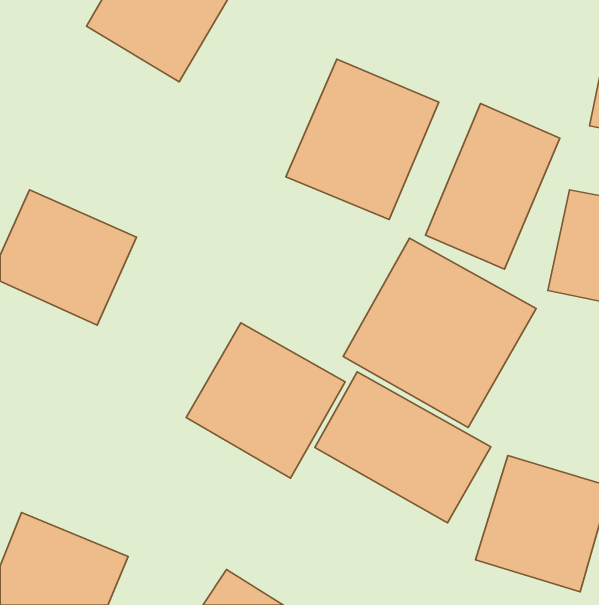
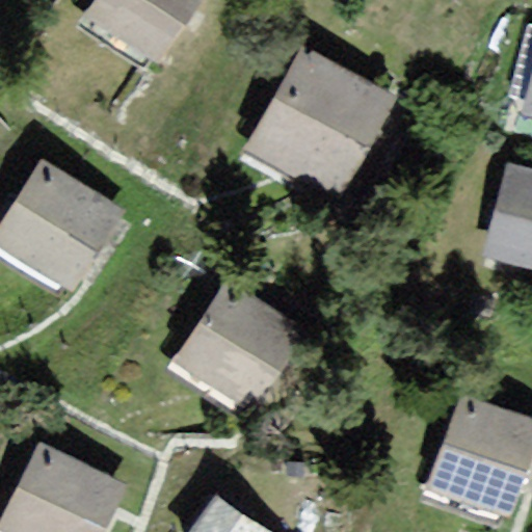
building: [426,103,560,269] -> none
building: [343,238,536,428] -> none
building: [315,372,491,523] -> none

